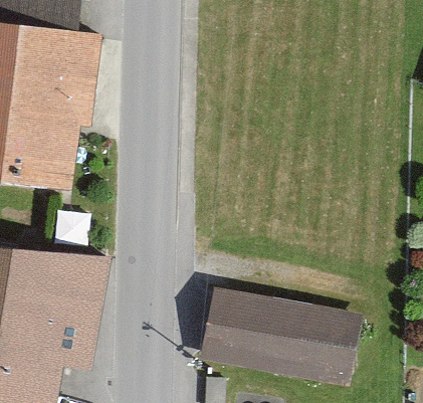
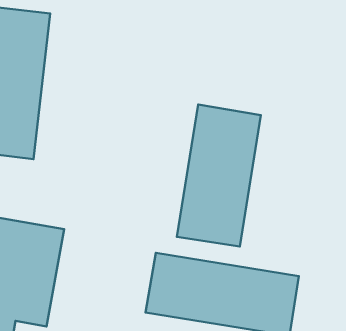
building: none -> [177,105,261,246]

